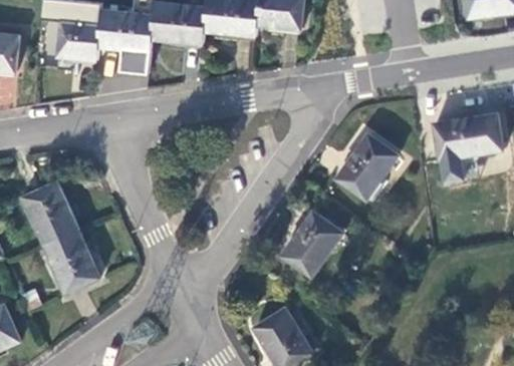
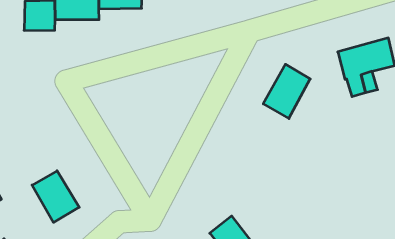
building: [25,181,78,244] -> none
building: [284,212,342,274] -> none

